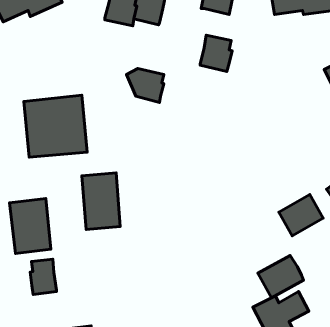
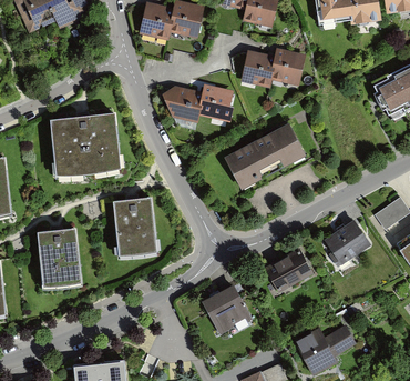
building: none -> [270,47,305,84]
building: none -> [197,82,233,121]
building: none -> [223,121,306,189]
building: none -> [201,282,252,334]
building: [258,255,304,298] -> [263,247,311,292]
building: [30,259,56,294] -> none

